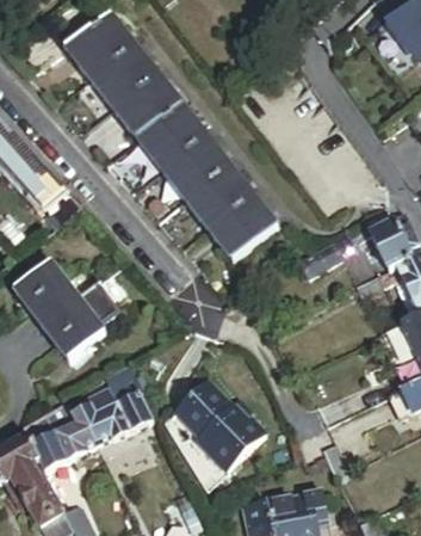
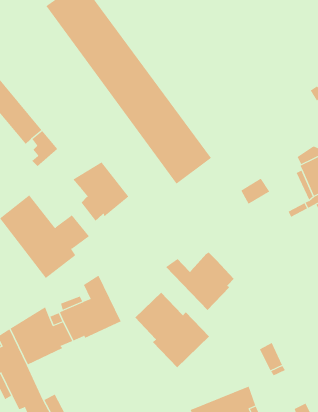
building: none -> [72,162,129,222]
building: none -> [165,252,235,311]

